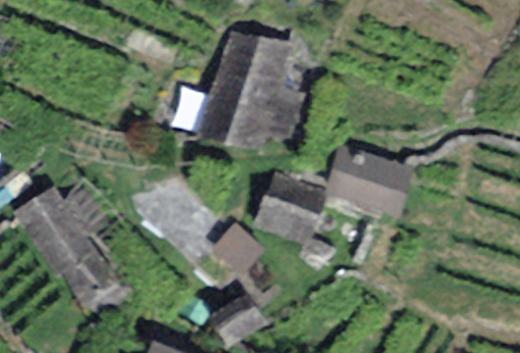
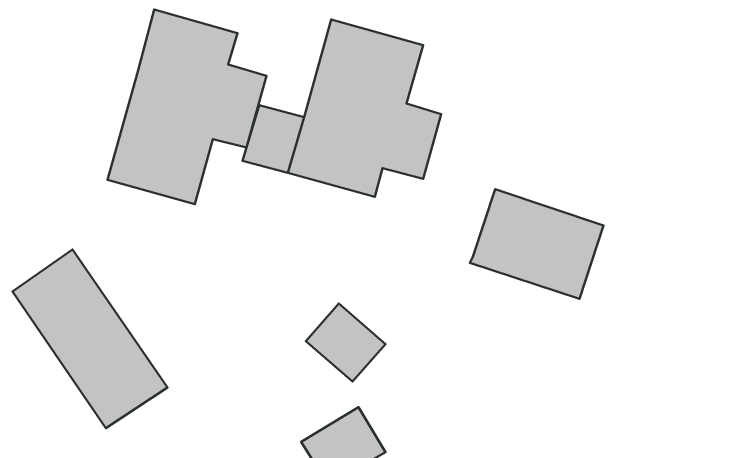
building: none -> [107,10,266,204]
building: [253,169,326,246] -> none

